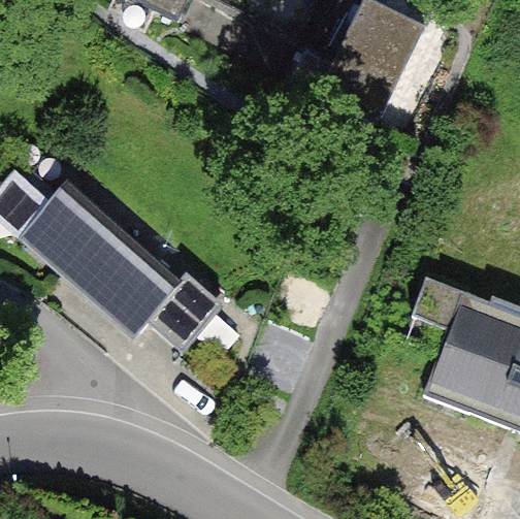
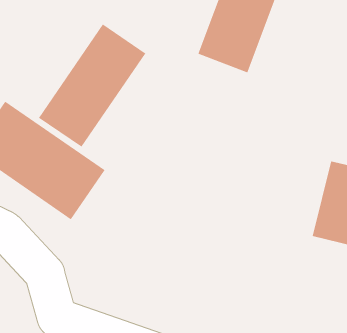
building: none -> [38,24,146,148]
building: [131,256,214,342] -> none

